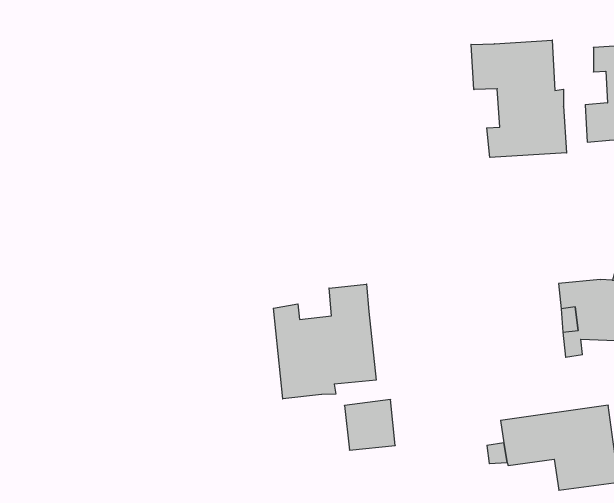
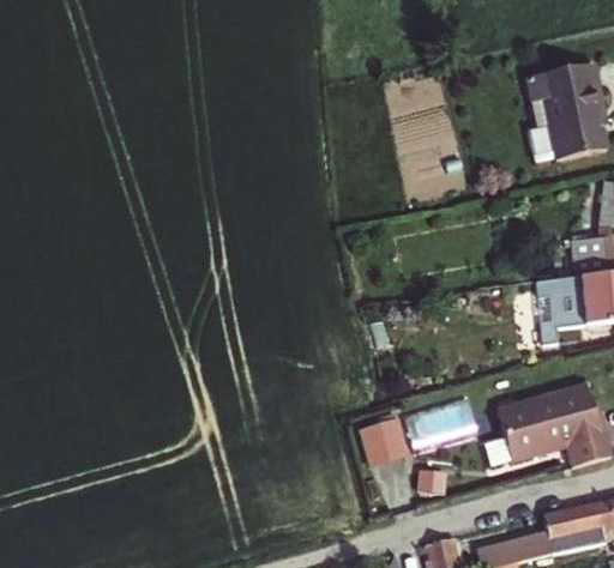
building: [471,40,567,157] -> none
building: [273,284,376,399] -> none

